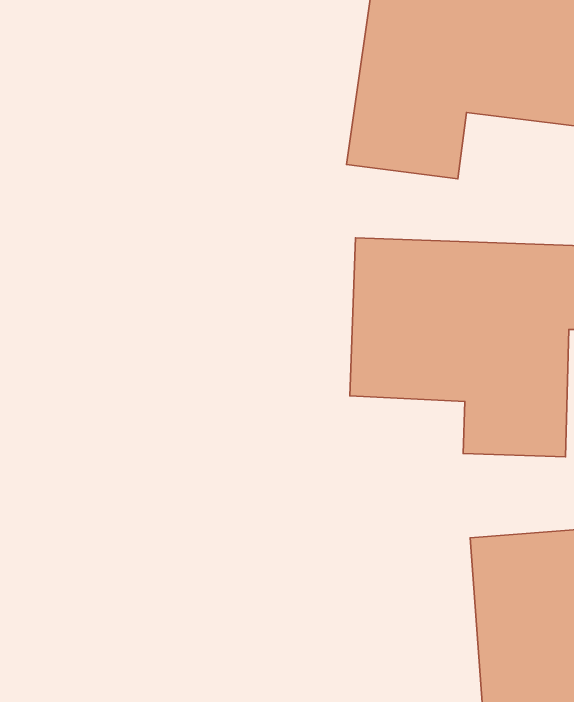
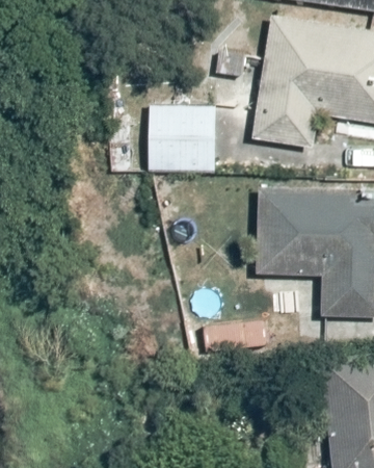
building: none -> [137,105,208,177]

